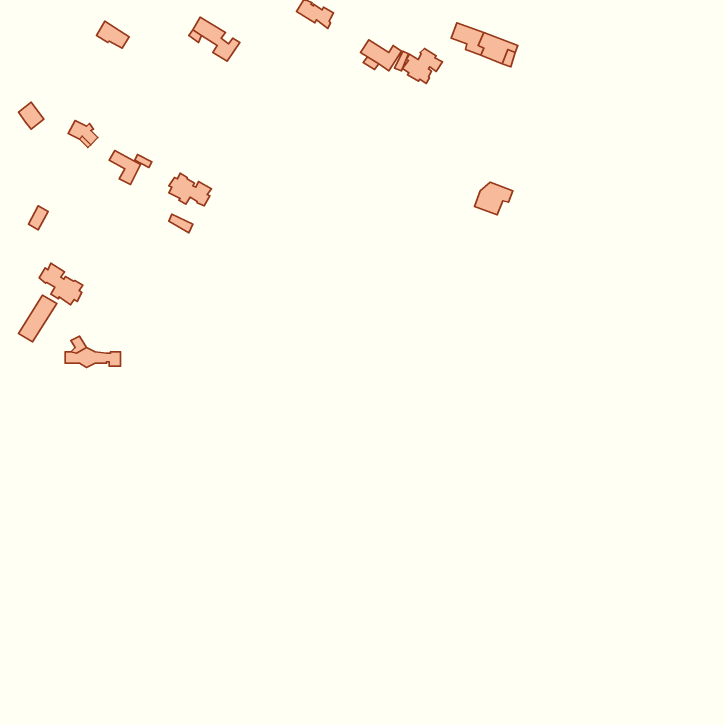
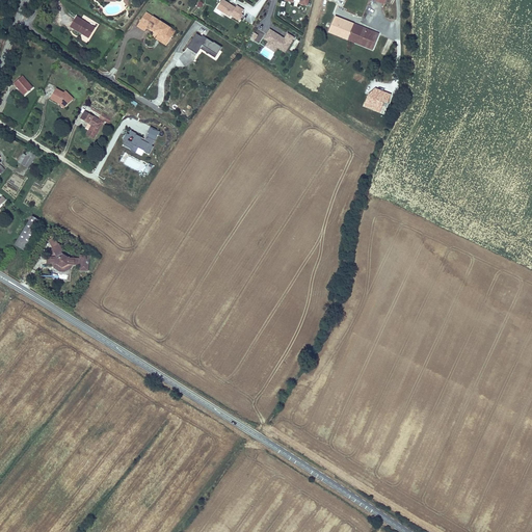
building: none -> [187,33,221,58]
building: [403,48,442,83] -> none
building: [474,182,513,215] -> [364,88,392,112]
building: [39,263,83,305] -> none

